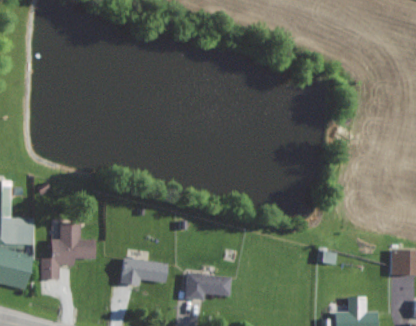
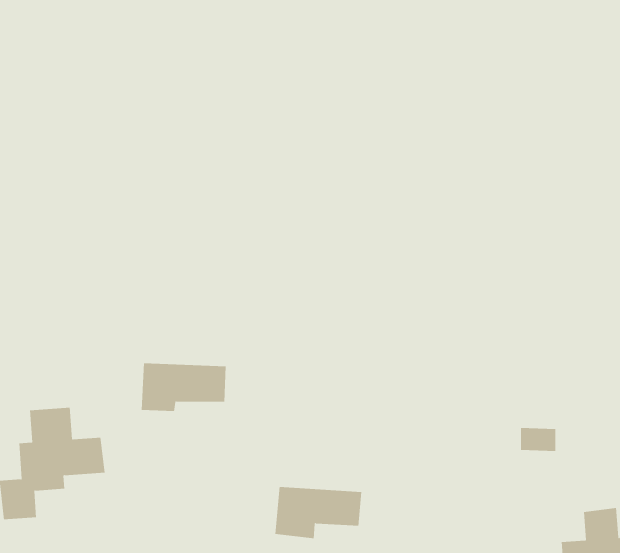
building: [121,258,168,285] -> [141,363,226,412]

